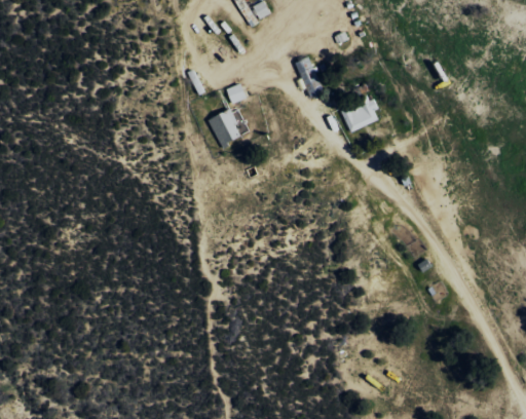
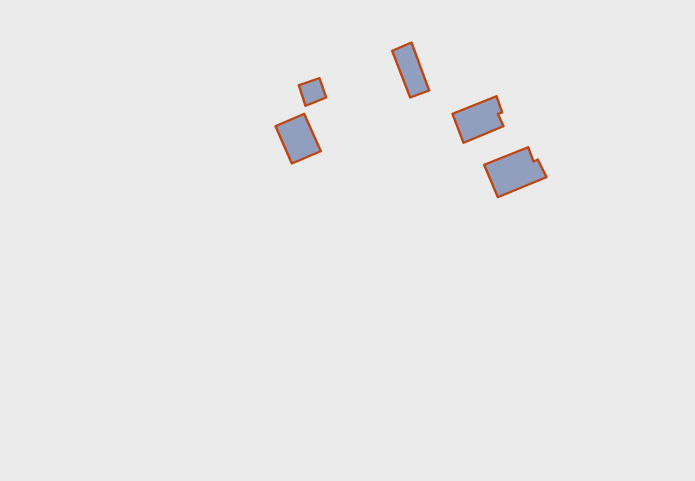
building: none -> [484,147,547,197]

